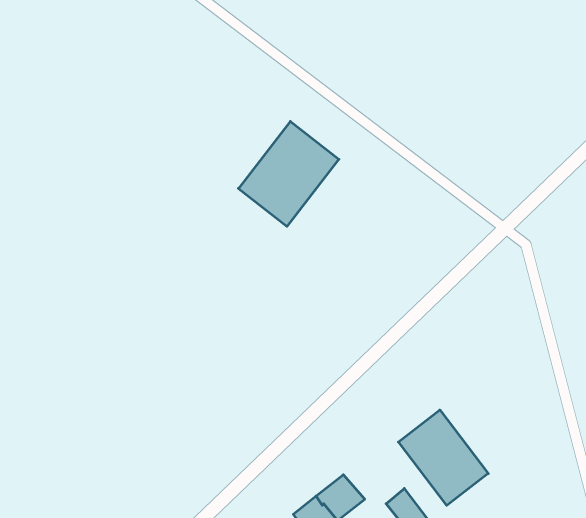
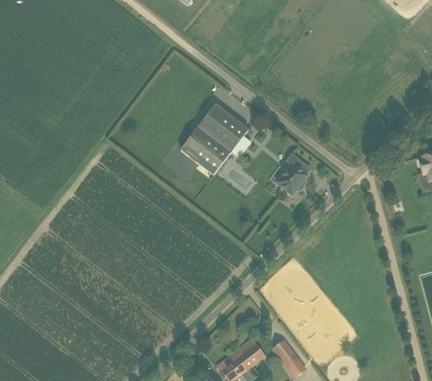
building: none -> [276,153,308,194]
building: [398,410,488,505] -> none

